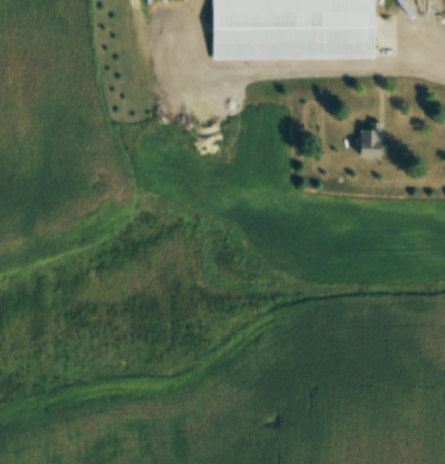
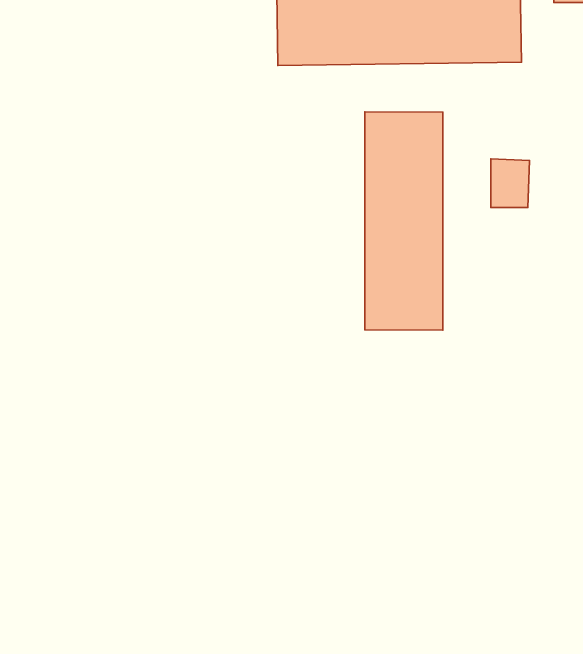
building: none -> [365,112,443,330]

